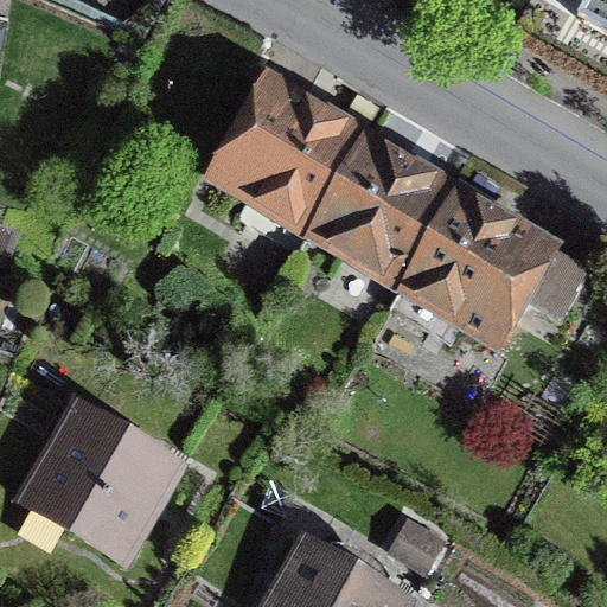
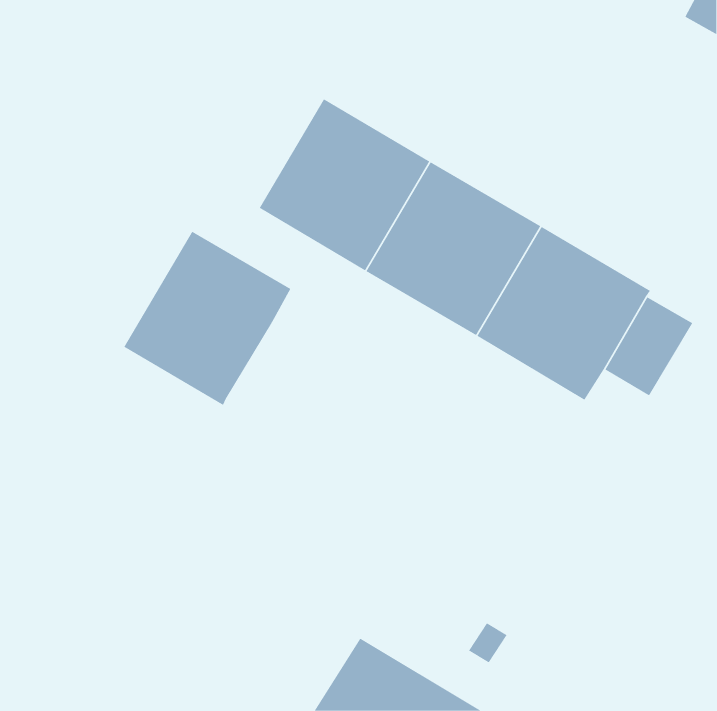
building: none -> [123,231,291,406]
building: [20,404,178,557] -> none

